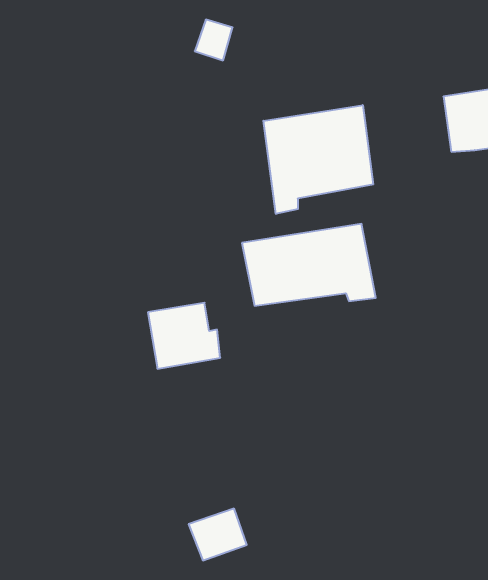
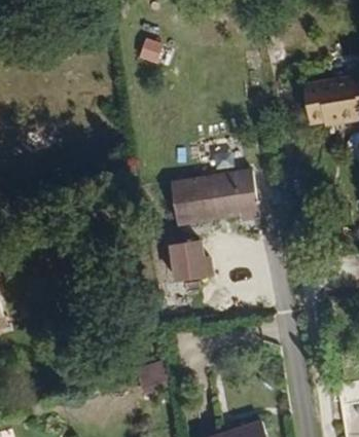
building: [263,105,373,214] -> none
building: [148,303,220,369] -> [167,235,214,279]

